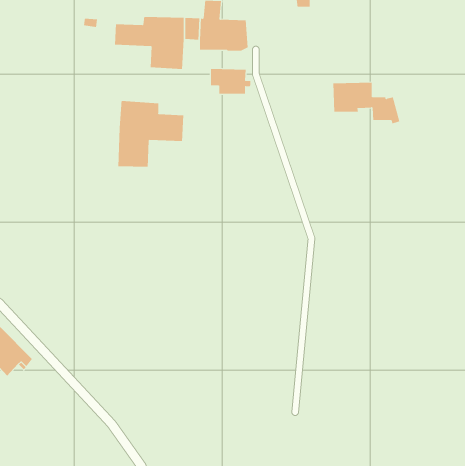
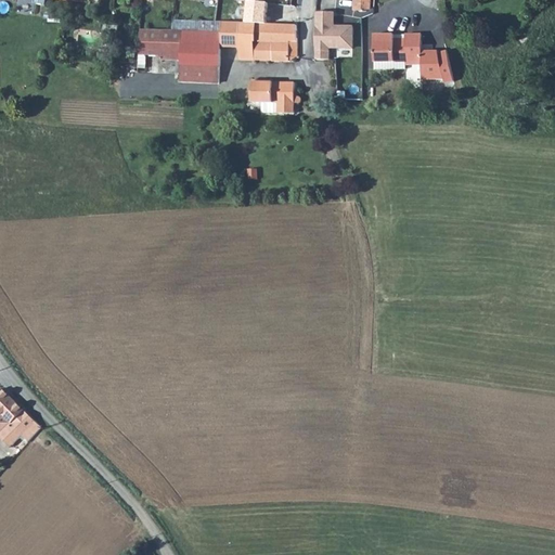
building: none -> [313,10,354,59]
building: [332,82,400,124] -> [372,34,452,83]
building: [118,100,184,167] -> none

